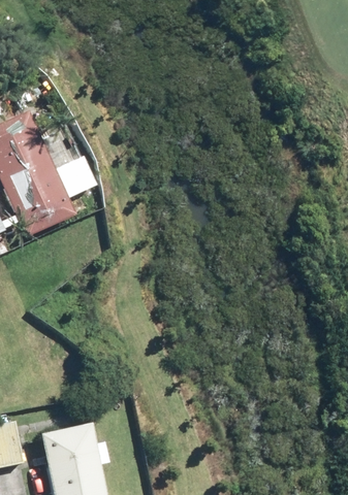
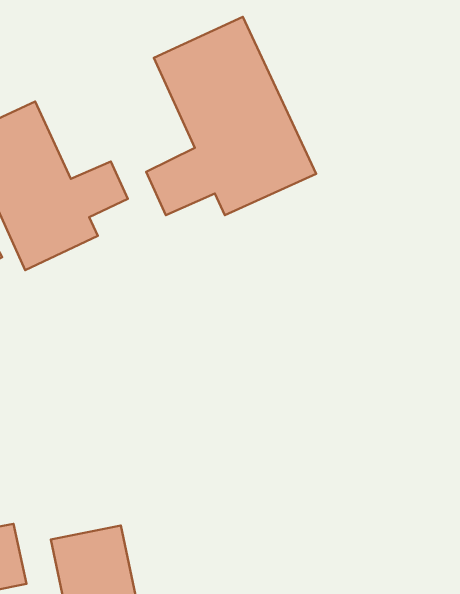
building: none -> [146,17,316,215]

